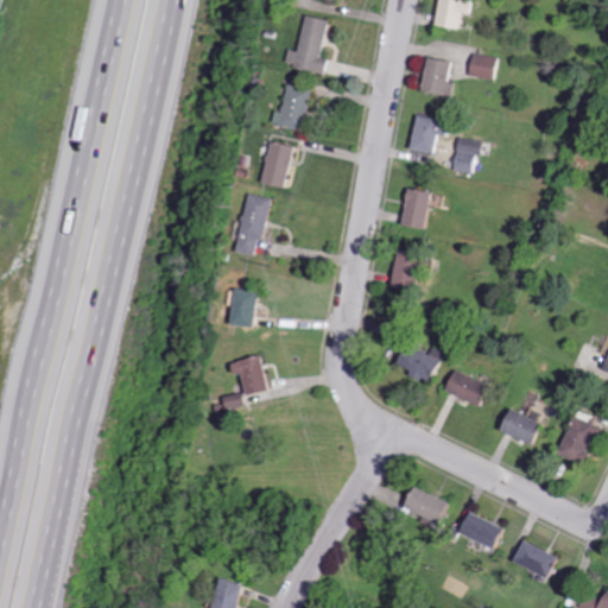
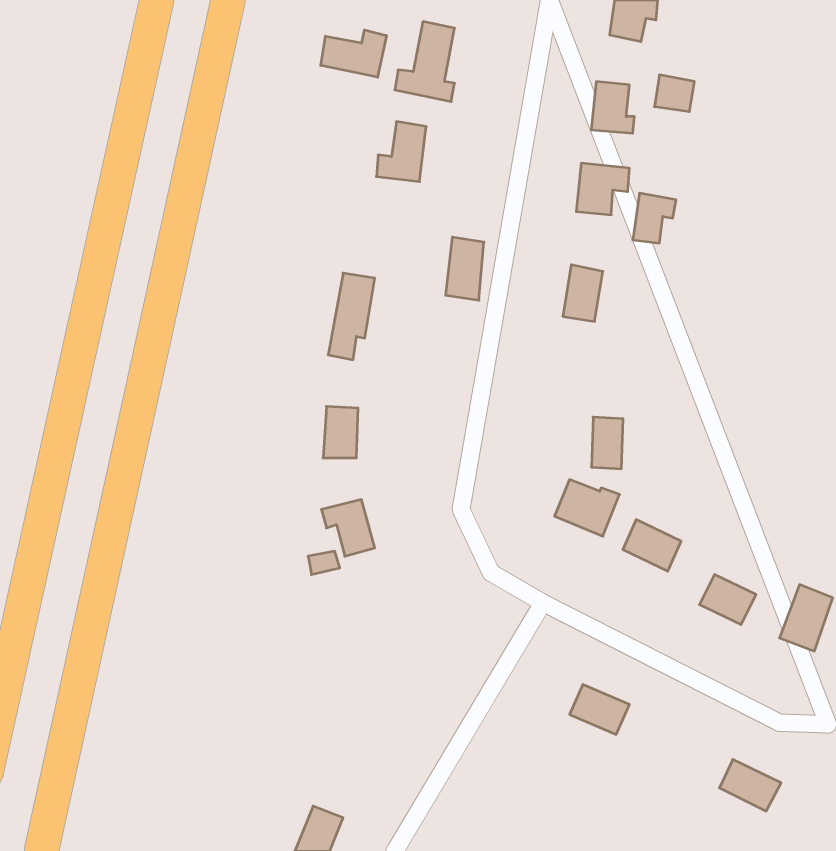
building: none -> [321,30,386,77]
building: [260,142,287,188] -> [446,237,484,300]
building: [393,251,416,287] -> [591,417,623,469]
building: [460,514,501,547] -> none

